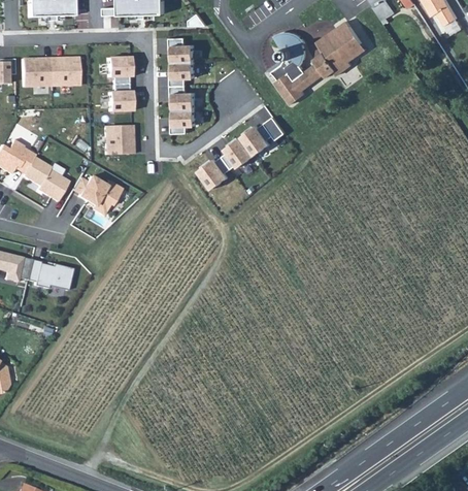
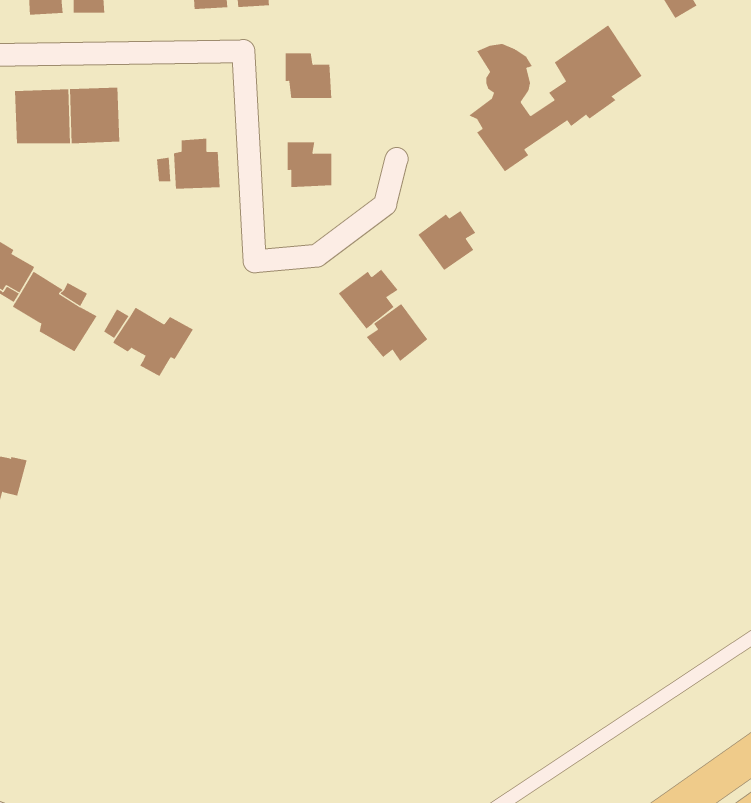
building: [108,58,134,85] -> none
building: [171,62,196,86] -> none
building: [171,109,197,134] -> none
building: [105,124,135,155] -> none
building: [223,136,257,168] -> [366,303,428,362]
building: [25,259,71,290] -> none

